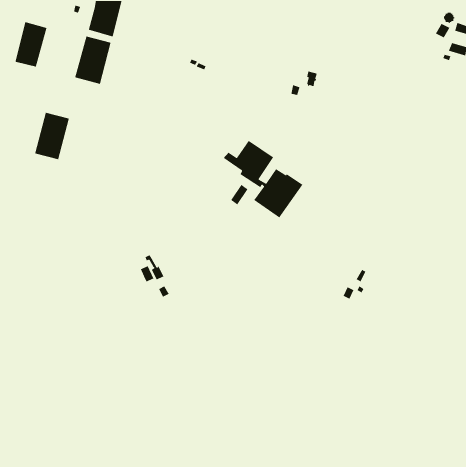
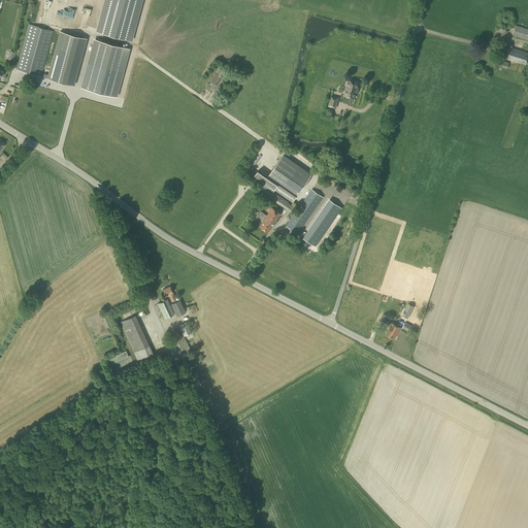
building: [34,112,70,160] -> [47,31,88,86]
building: none -> [122,316,154,361]

